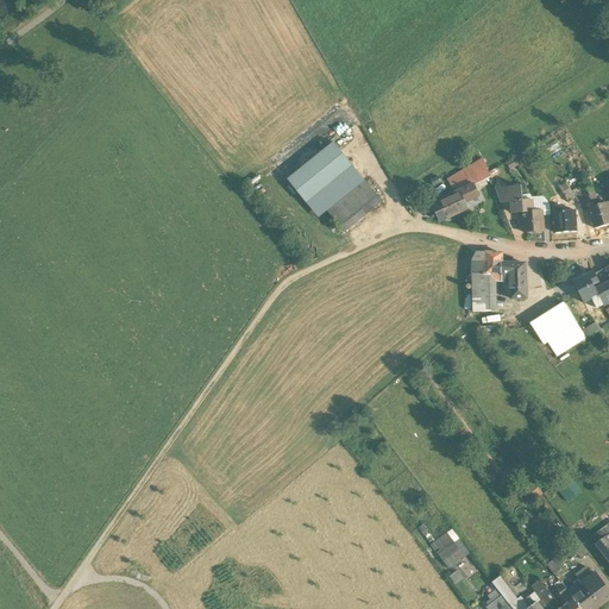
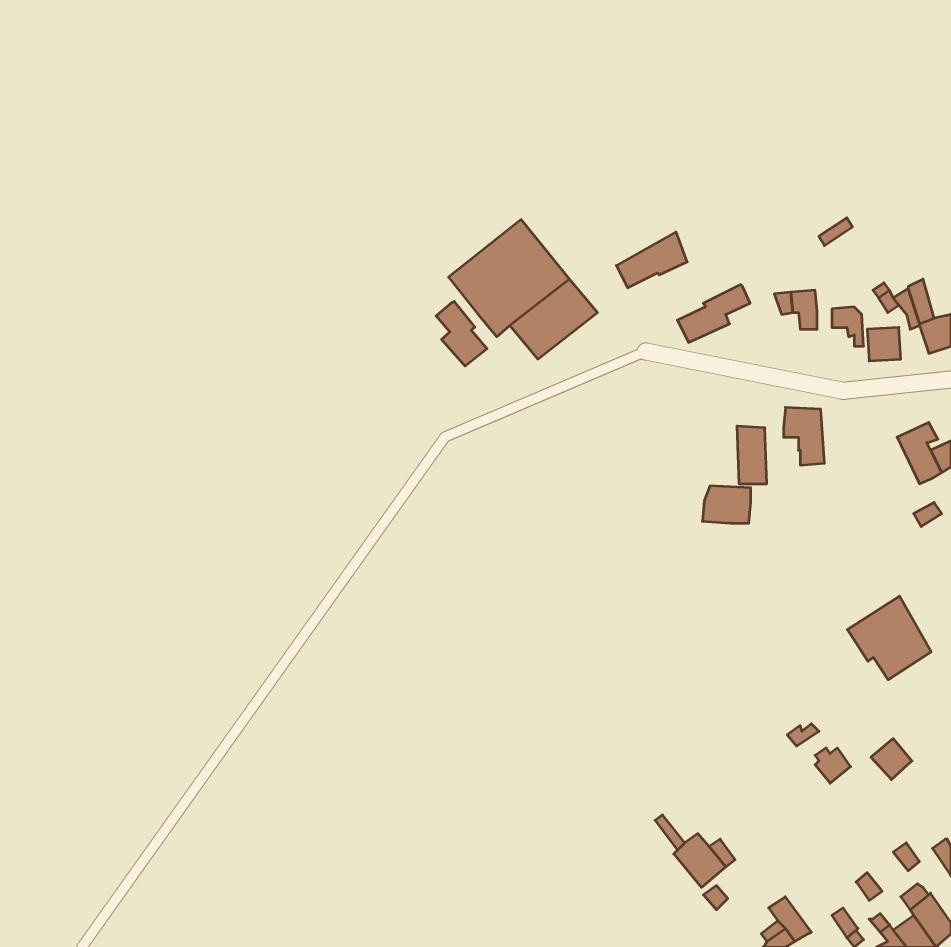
building: [447,156,492,192] -> [616,232,687,288]
building: none -> [436,301,487,366]
building: [522,197,546,231] -> none
building: [471,250,502,274] -> [702,486,751,523]
building: [530,301,584,354] -> [847,596,931,680]

